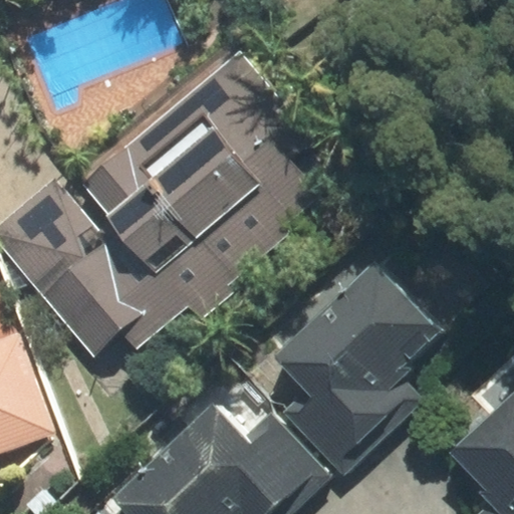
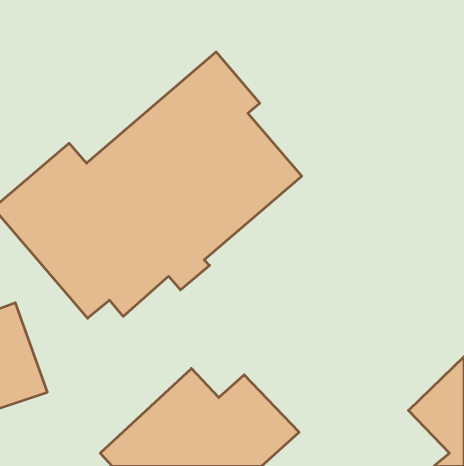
building: [273,263,437,473] -> none

